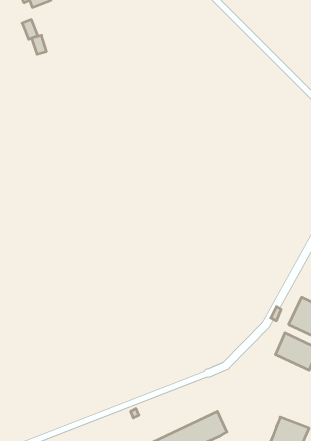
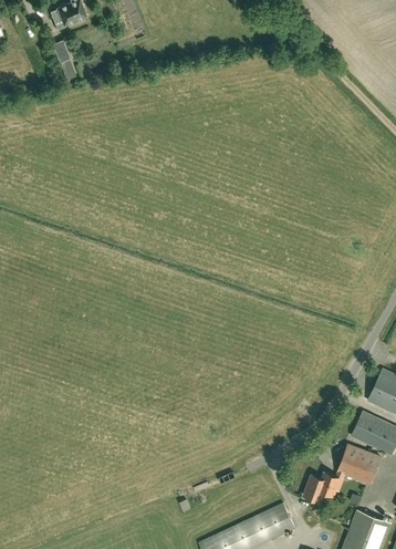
building: none -> [302,445,379,501]

